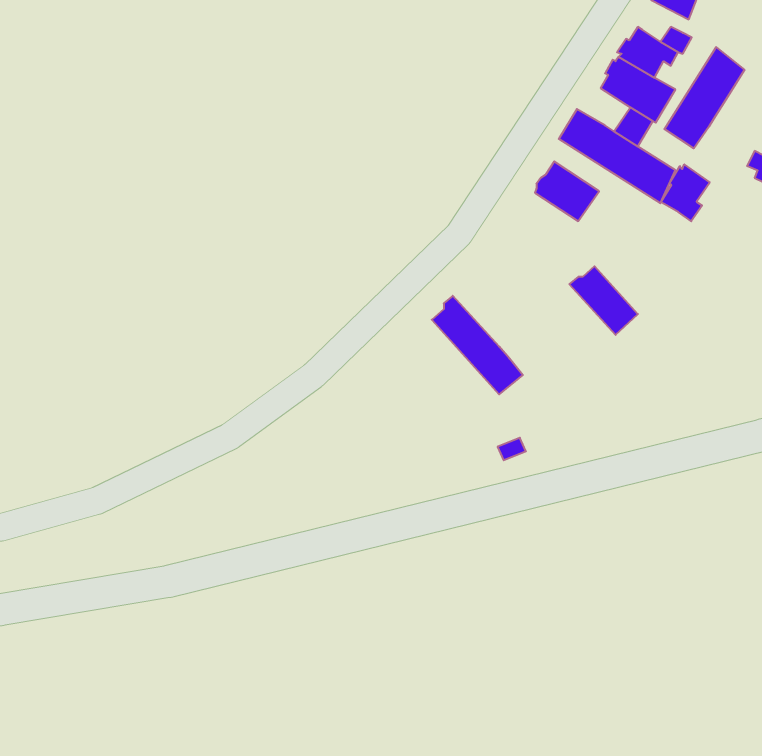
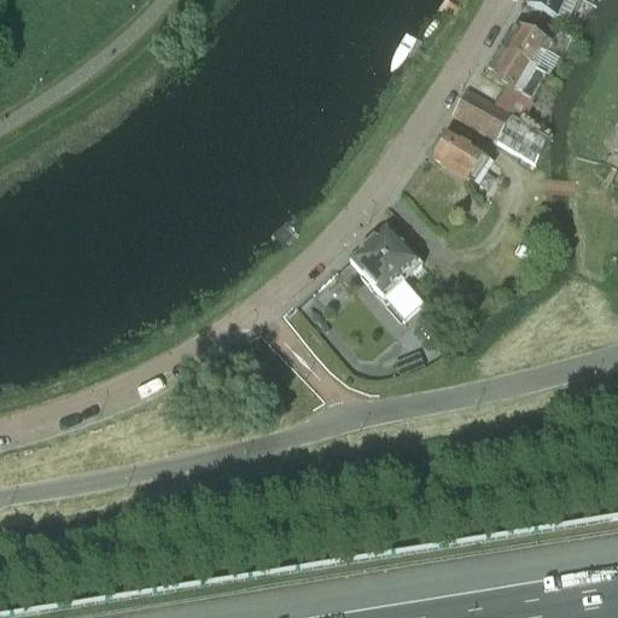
building: [664,47,744,148] -> none
building: [661,164,710,221] -> none
building: [569,266,638,335] -> [367,225,422,280]

